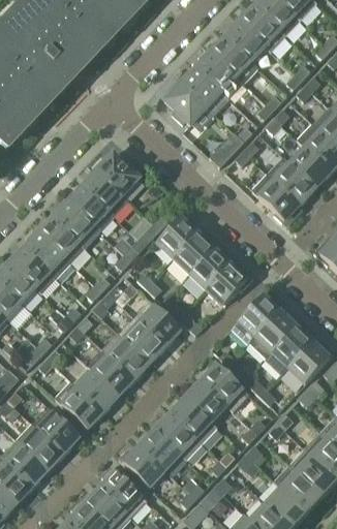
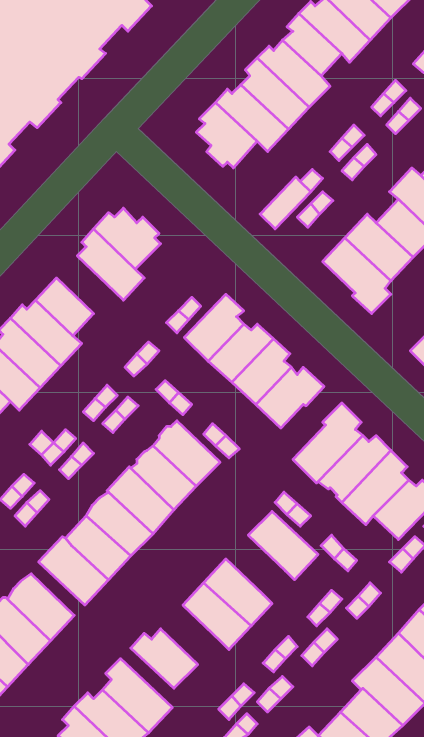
building: [66,187,106,227] -> none
building: [184,381,225,423] -> none
building: [139,430,180,471] -> none

